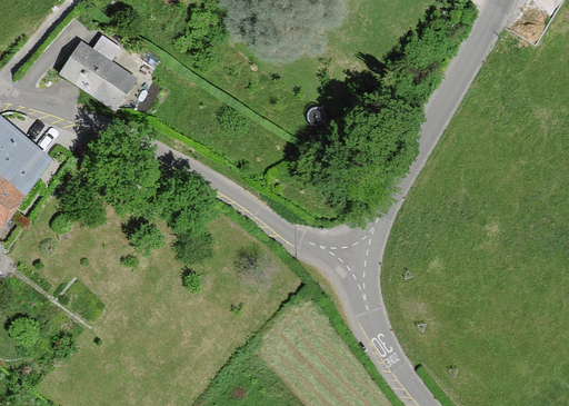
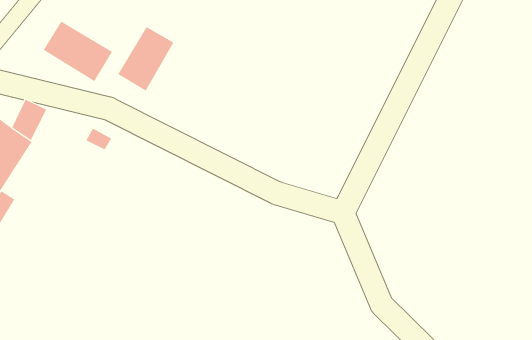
building: none -> [117,26,174,92]

